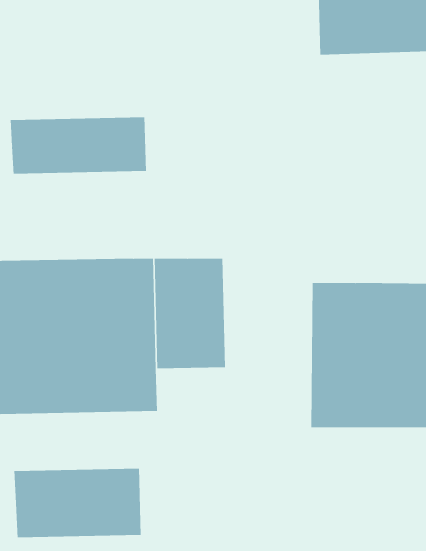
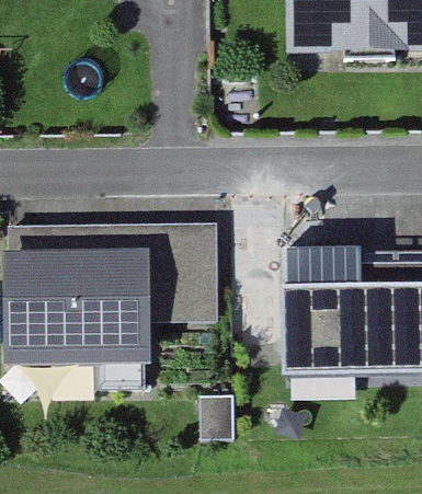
building: [10,117,146,175] -> none
building: [14,468,141,538] -> none

